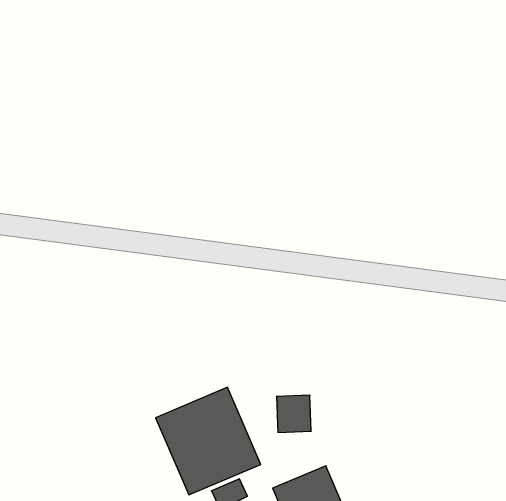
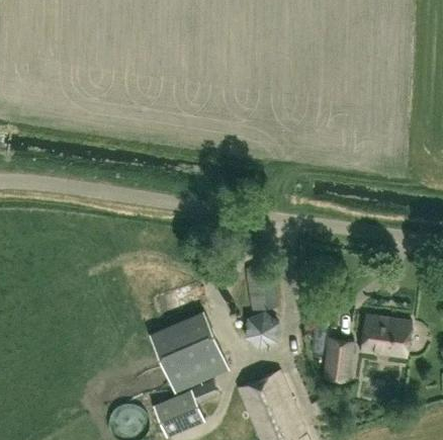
building: none -> [361,315,412,356]
building: none -> [325,339,354,381]

